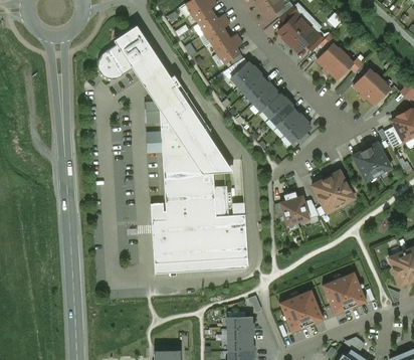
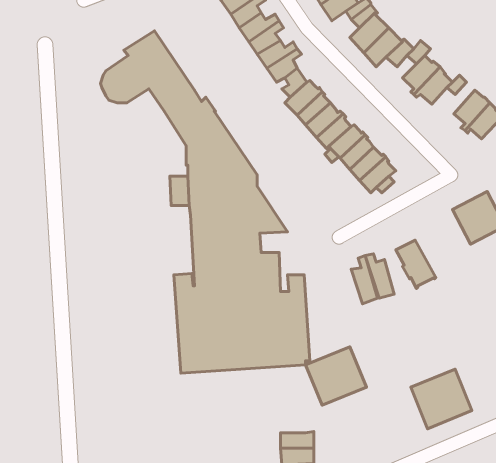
building: [326,171,354,205] -> none
building: [280,290,325,332] -> [306,347,367,405]

